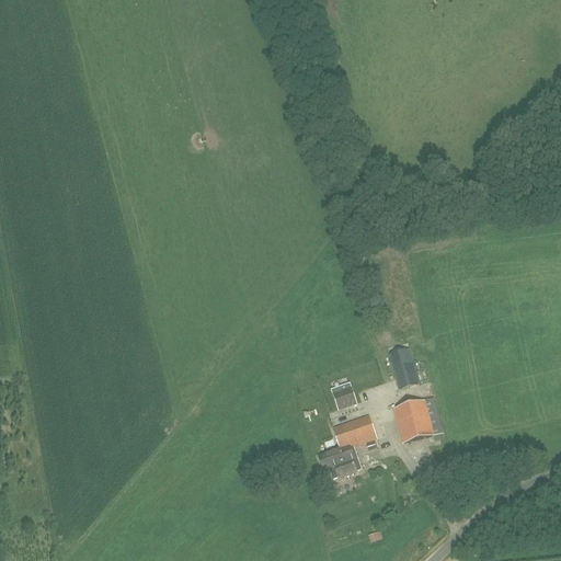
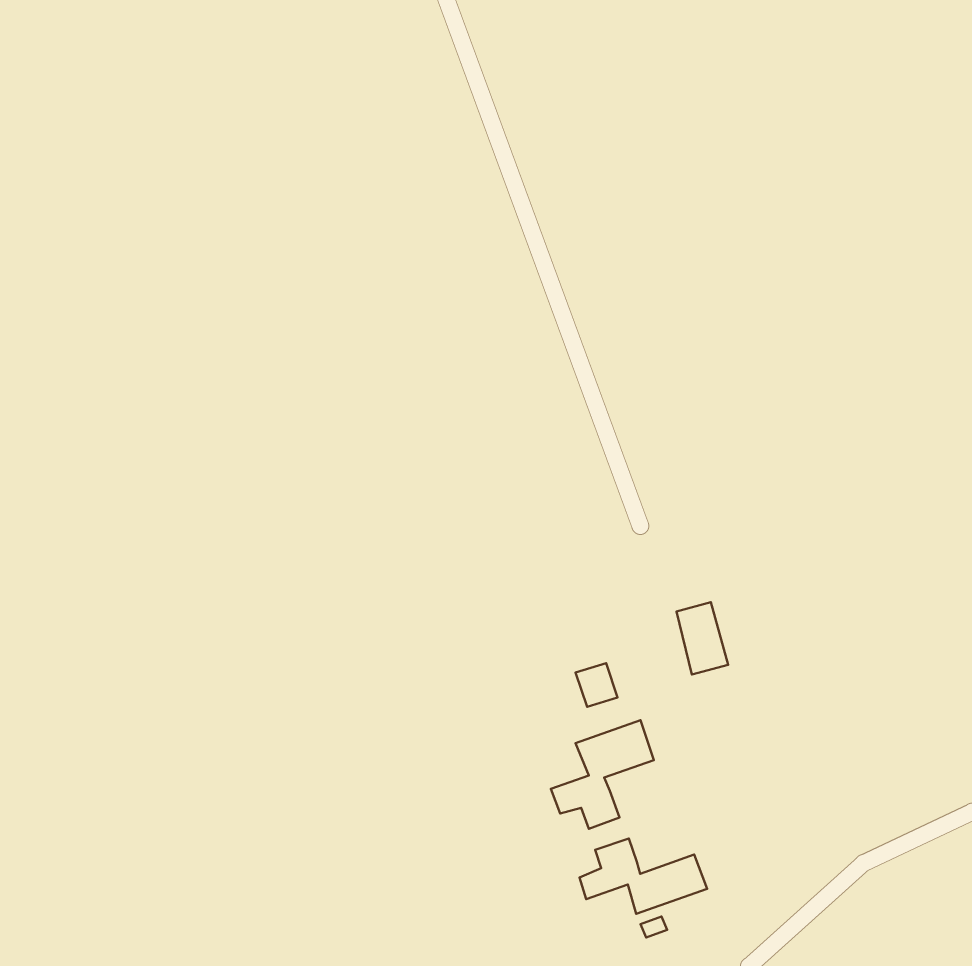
building: [393,399,432,440] -> none
building: none -> [579,839,707,914]

